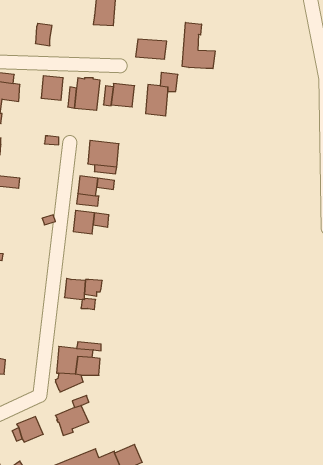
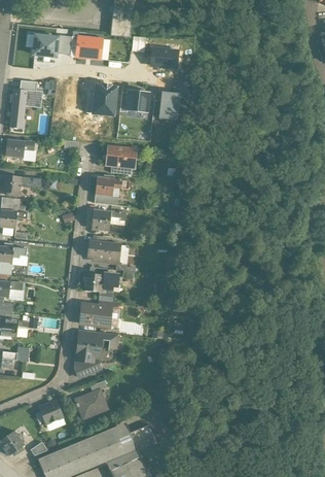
building: [182,22,215,69] -> none
building: none -> [32,37,57,59]
building: none -> [75,38,102,61]
building: none -> [87,240,117,263]
building: none -> [80,303,110,326]

